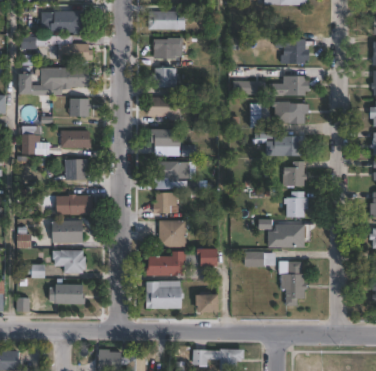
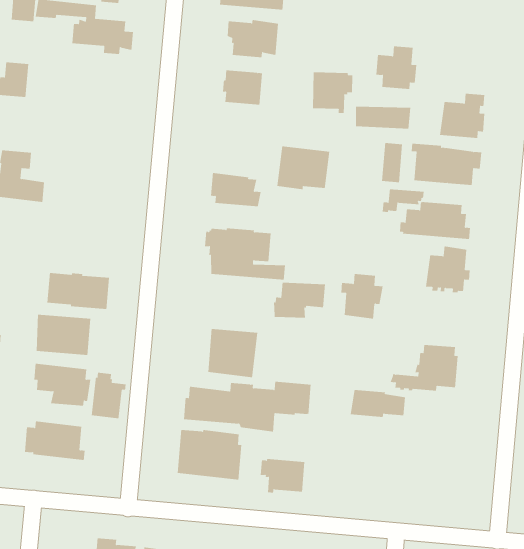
building: [282,38,306,63] -> [376,46,417,90]
building: none -> [312,72,353,114]
building: [44,67,92,89] -> none
building: [147,96,177,121] -> [277,146,330,190]
building: [69,98,92,116] -> none
building: [61,129,93,147] -> none
building: [65,158,91,179] -> none
building: [148,191,178,213] -> [273,282,326,318]
building: [281,191,306,217] -> [340,274,383,319]
building: none -> [91,372,126,419]
building: [275,259,304,303] -> none

